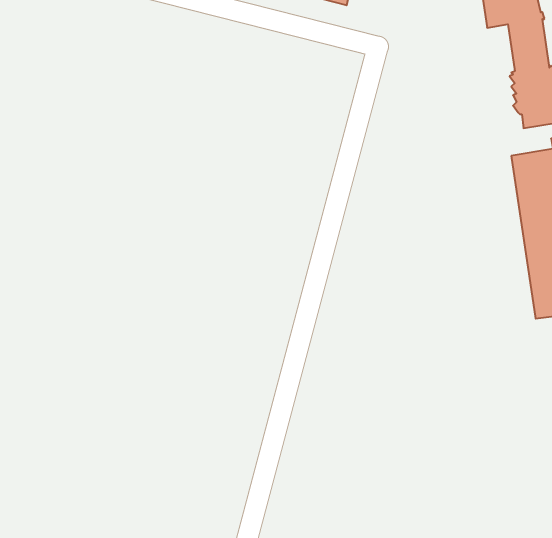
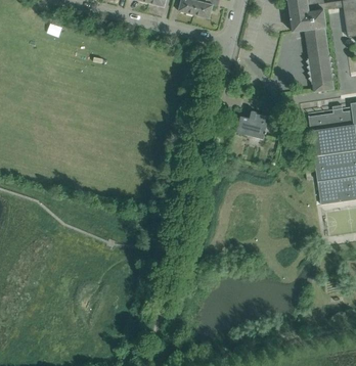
building: none -> [236,110,268,139]

